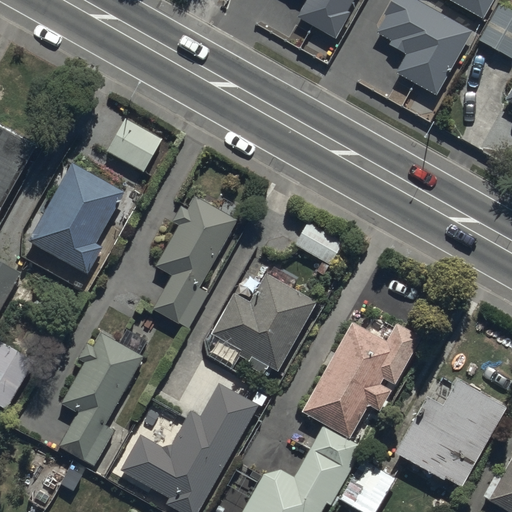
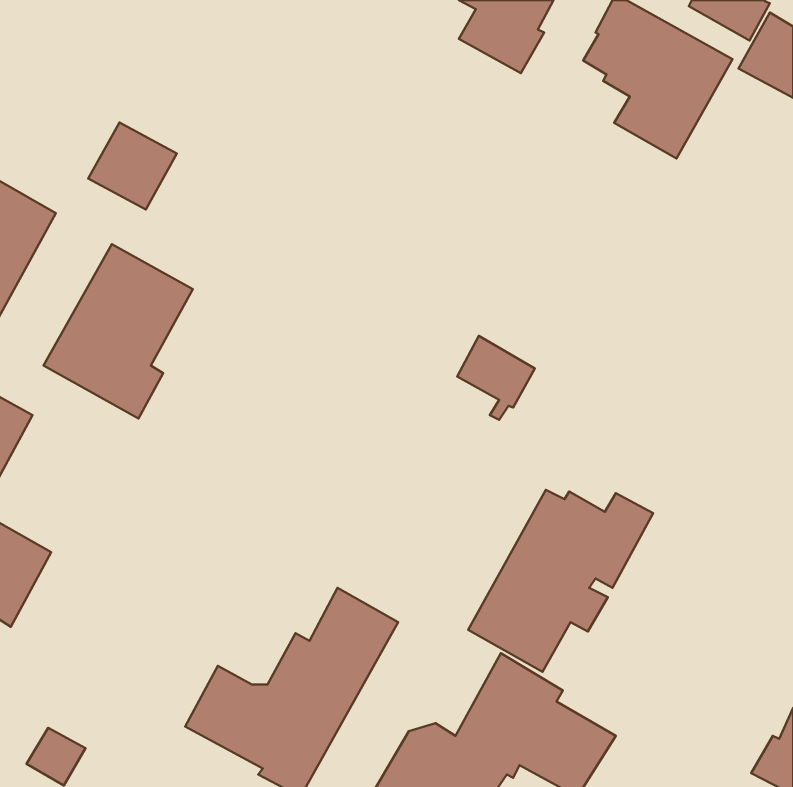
building: [107,122,164,178] -> [88,122,177,210]
building: [154,195,240,328] -> none
building: [211,272,316,376] -> none
building: [58,332,145,467] -> none
building: [396,377,506,484] -> none

